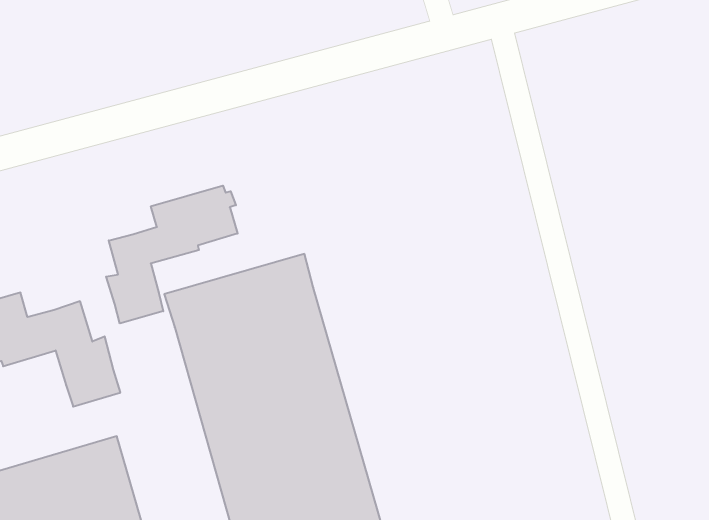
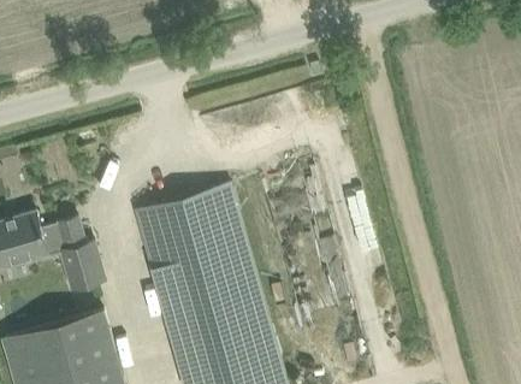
building: [106,186,238,323] -> none

